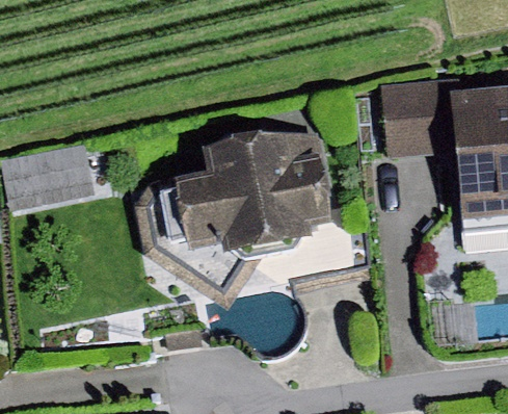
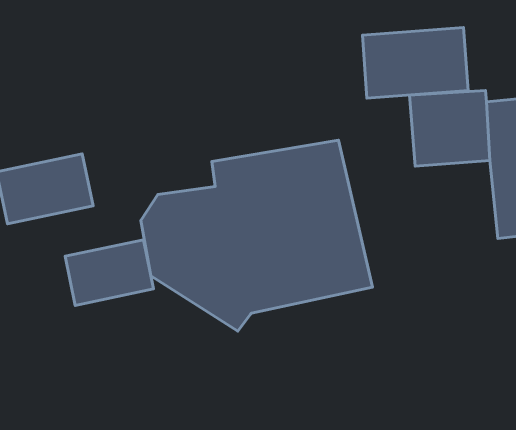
building: none -> [362,28,468,98]
building: none -> [65,240,154,305]

